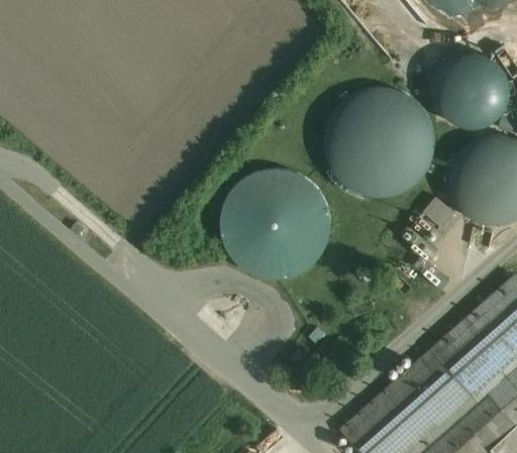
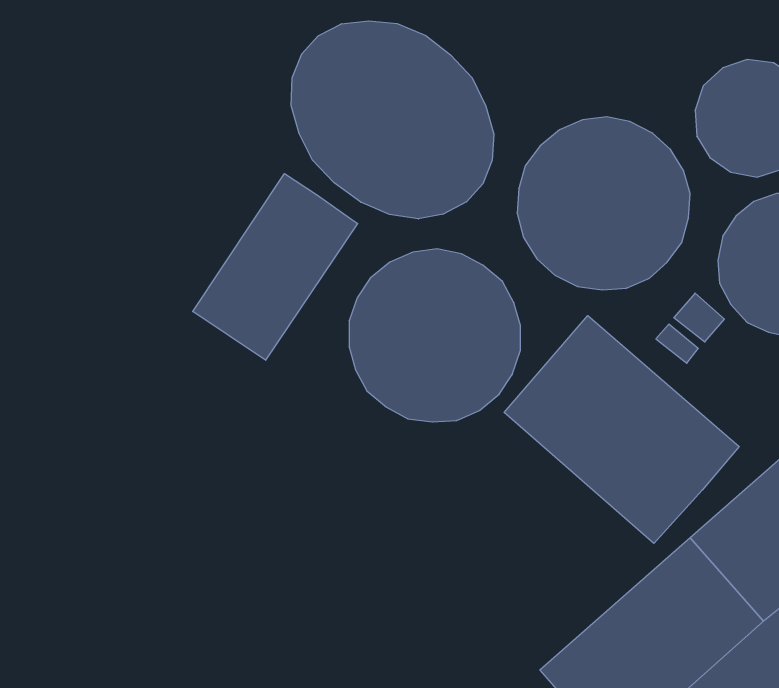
building: none -> [291,21,494,219]
building: none -> [193,174,358,360]
building: none -> [504,316,739,543]

